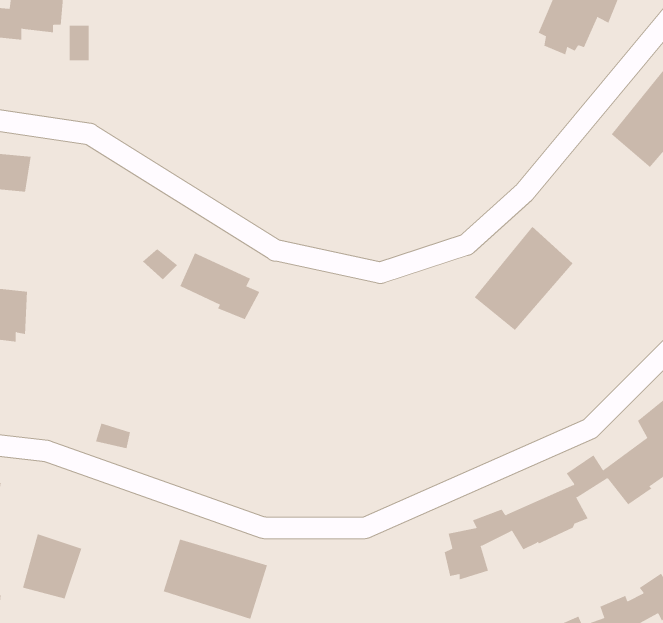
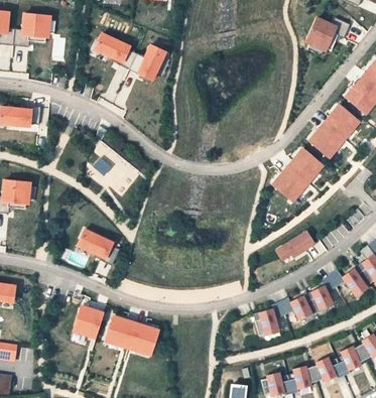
building: none -> [94,32,167,82]
building: none -> [308,103,361,159]
building: [180,252,260,320] -> [76,228,119,264]
building: none -> [275,230,317,261]
building: [22,534,82,599] -> [73,303,105,339]

